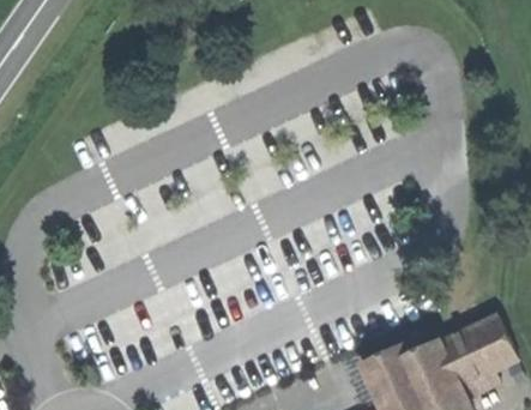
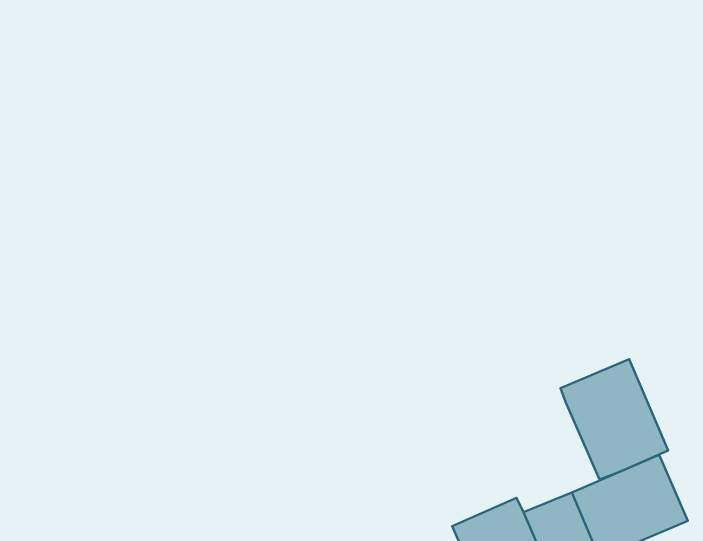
building: none -> [561,359,668,479]

